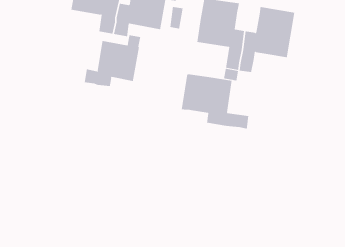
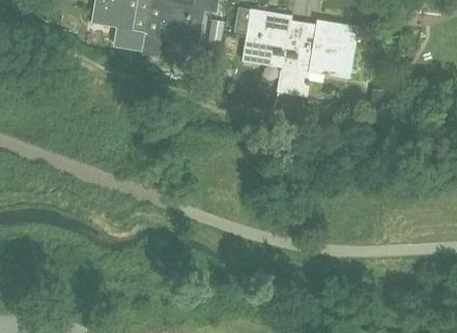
building: [84,35,141,87] -> none
building: [181,74,249,129] -> none

